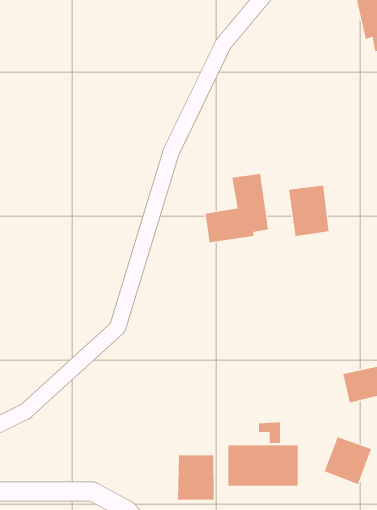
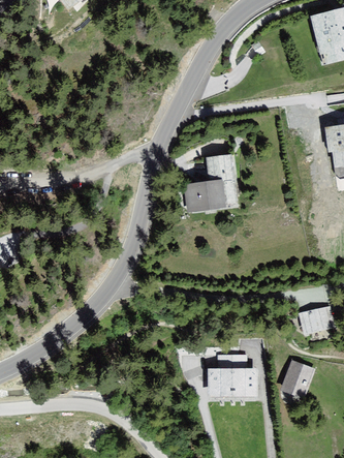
building: [289,185,329,237] -> none
building: [178,455,214,500] -> none

